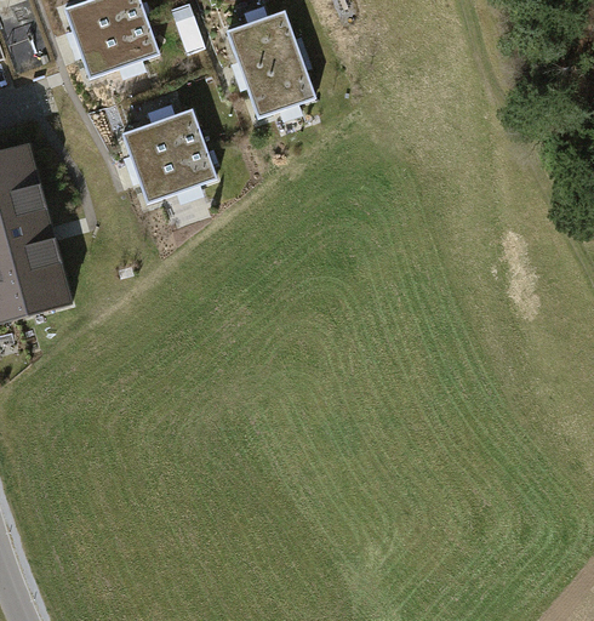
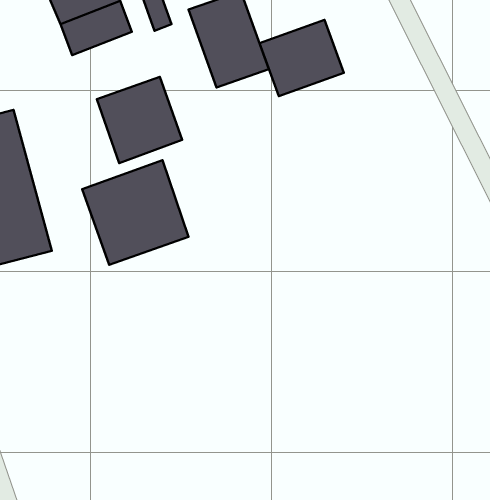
building: none -> [259,20,344,96]
building: none -> [82,160,188,265]

